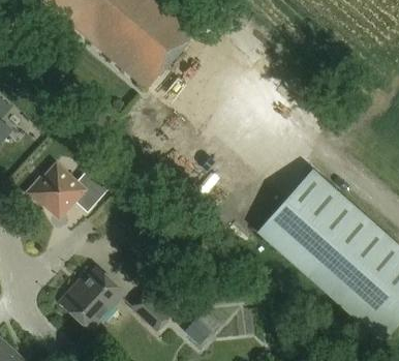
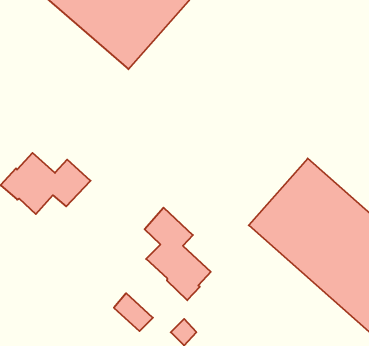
building: none -> [145,208,211,300]
building: [60,270,122,329] -> none

